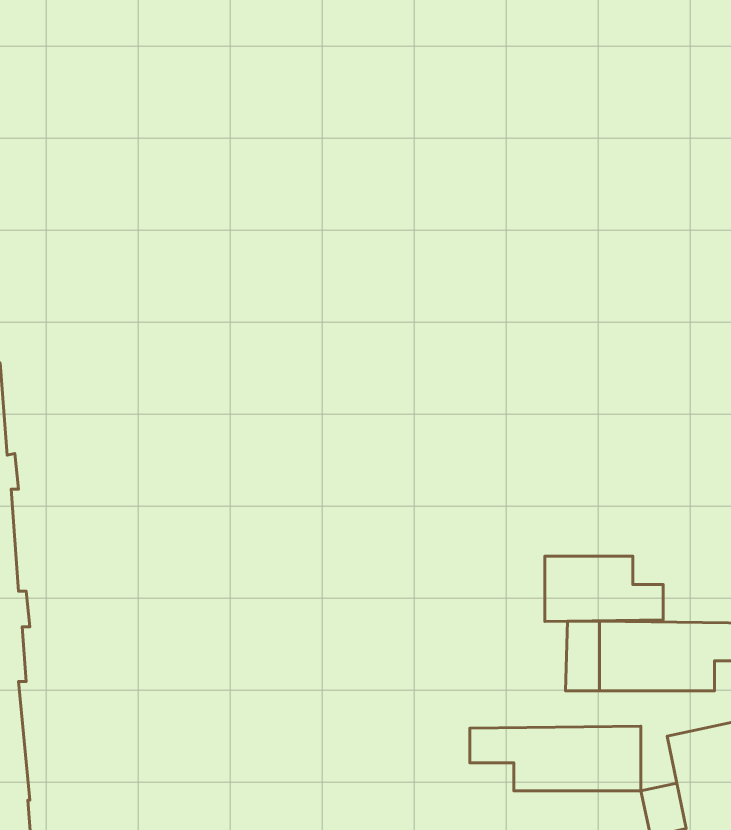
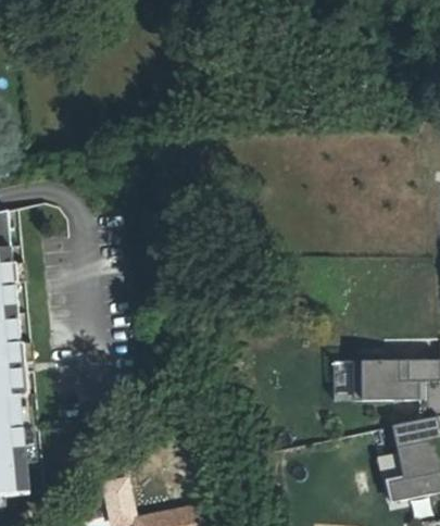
building: [545,556,663,622] -> none
building: [470,726,641,791] -> none

